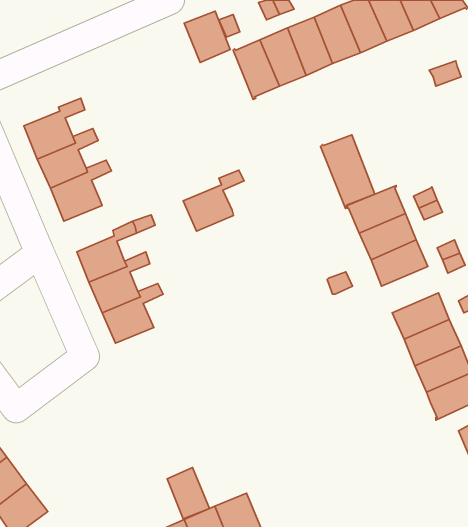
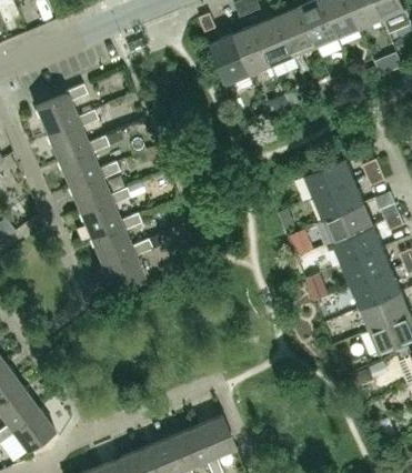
building: [184,11,230,62] -> none
building: [321,135,375,209] -> none
building: [183,170,244,231] -> [69,162,120,213]
building: none -> [335,225,383,264]
building: [167,467,210,519] -> none

